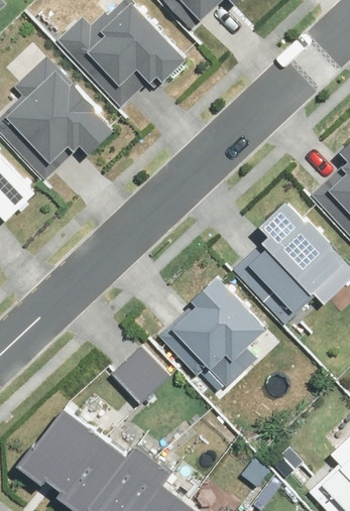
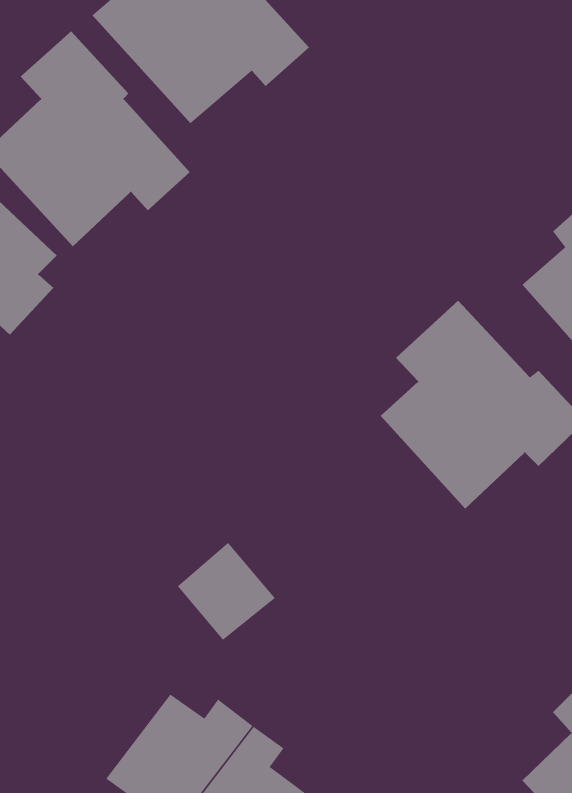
building: [159,283,265,391] -> none
building: [26,407,106,489] -> none

